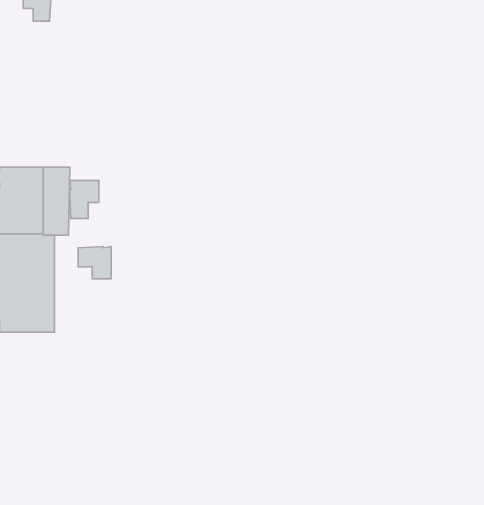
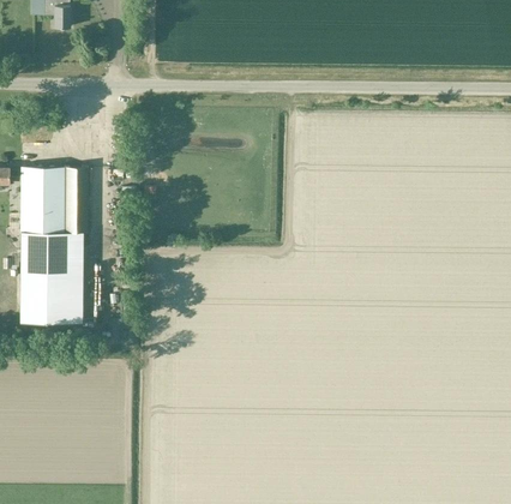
building: [70,180,99,218] -> none
building: [78,246,111,279] -> none

